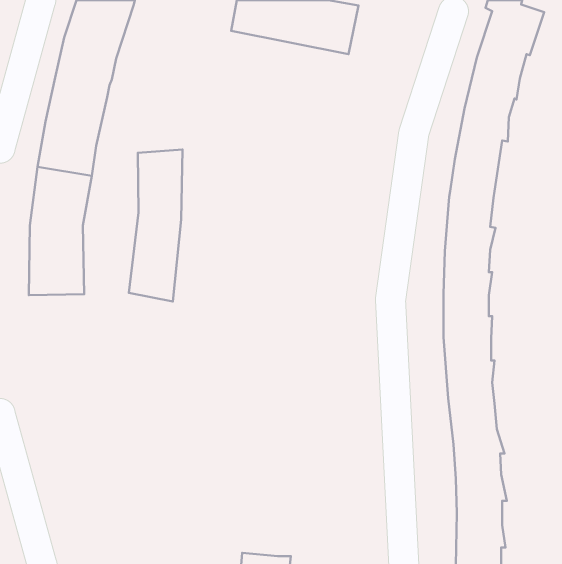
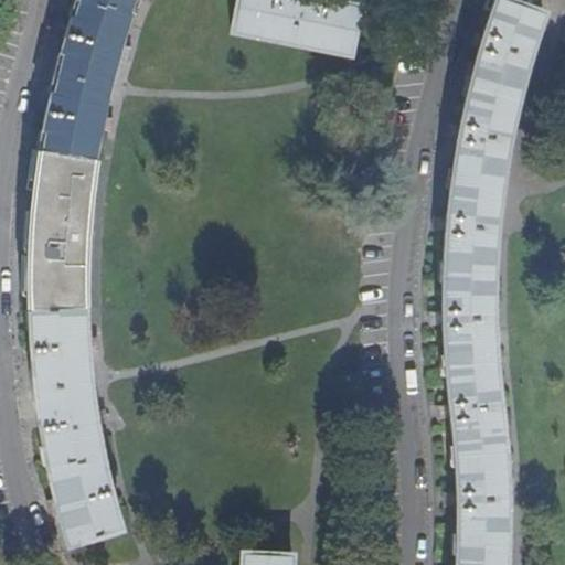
building: [129,150,183,301] -> none
building: none -> [32,295,121,548]

